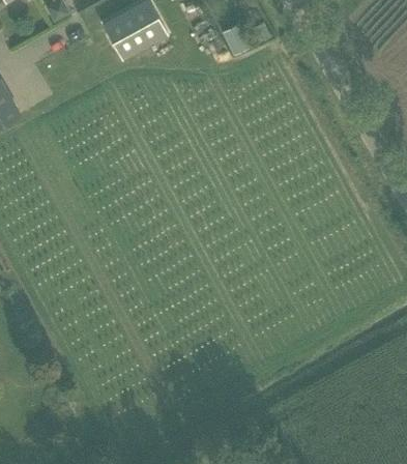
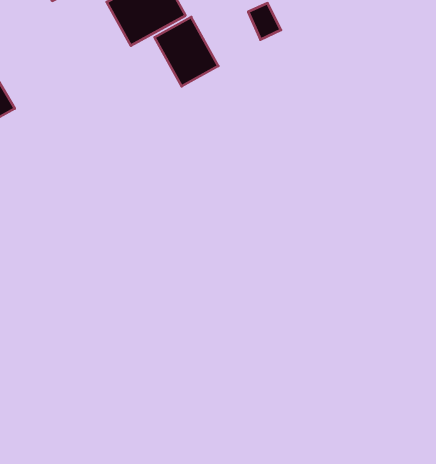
building: none -> [155,17,218,86]

